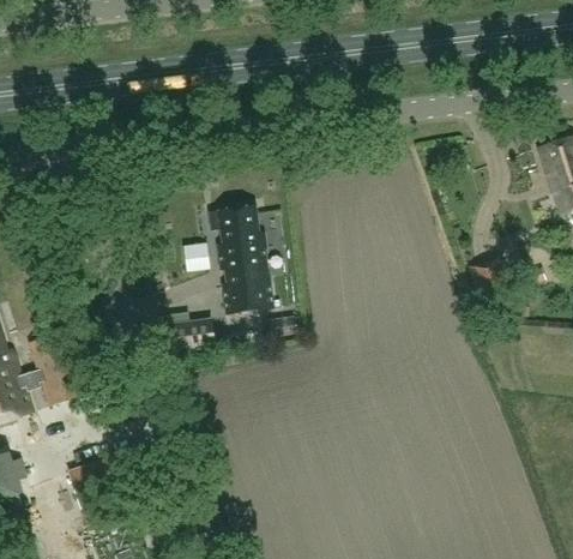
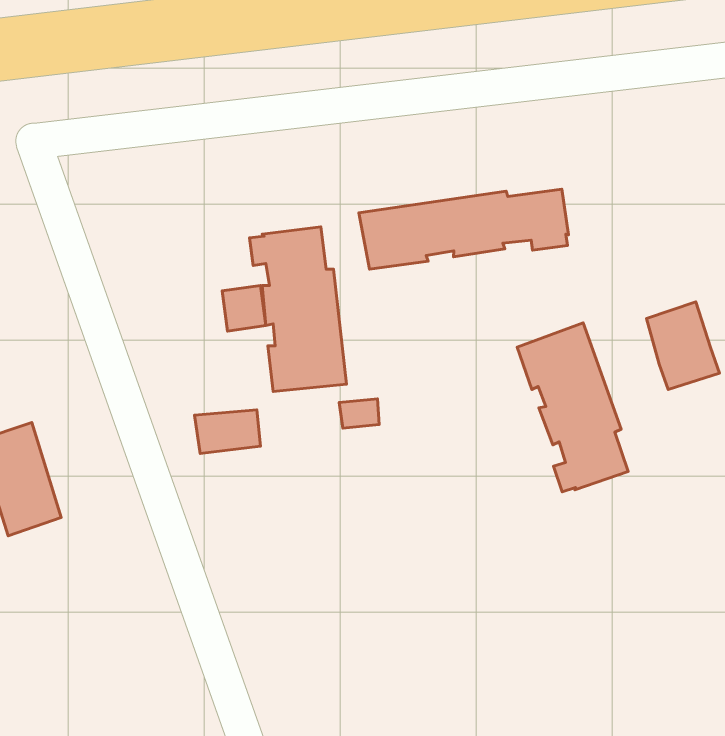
building: none -> [359,189,569,269]
building: none -> [517,323,628,492]

